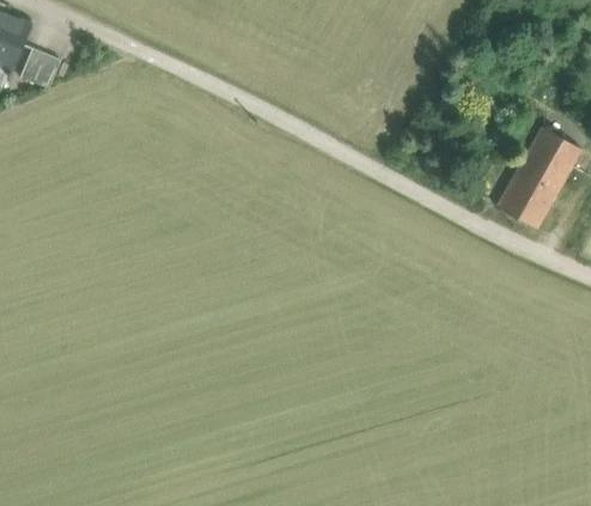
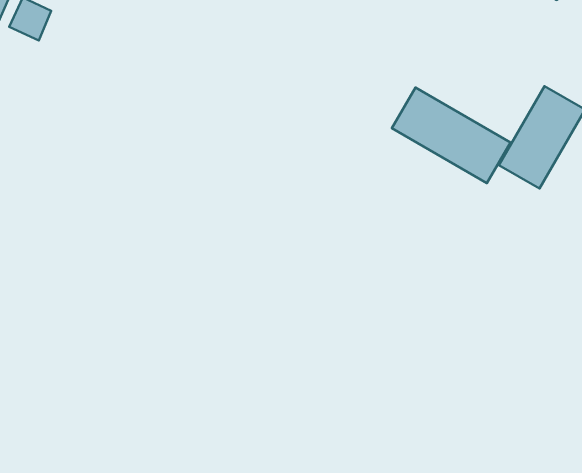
building: none -> [392,88,510,183]

